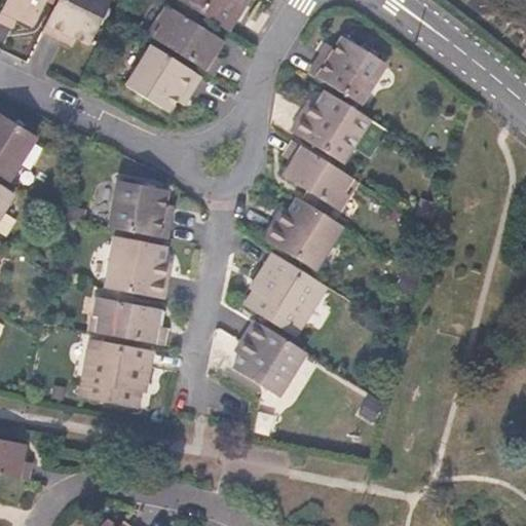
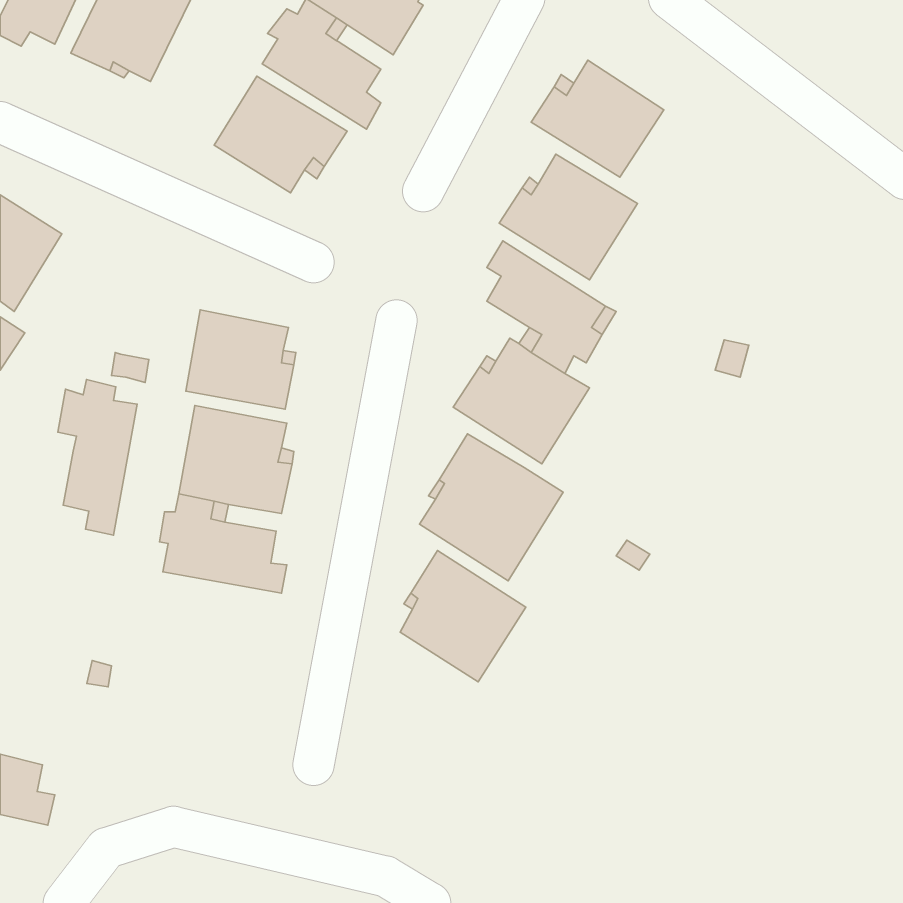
building: none -> [58,380,137,535]
building: [79,338,154,407] -> none

